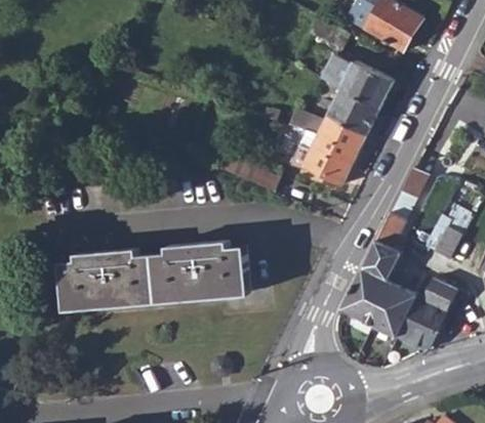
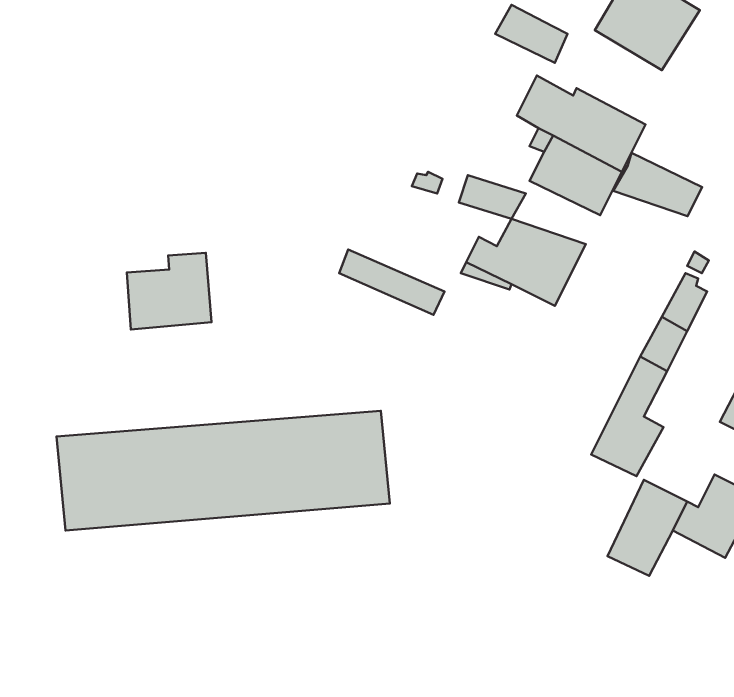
building: [317,113,367,149] -> [613,153,702,216]
building: none -> [127,253,212,330]
building: [341,267,392,325] -> none
building: [395,310,438,349] -> none

